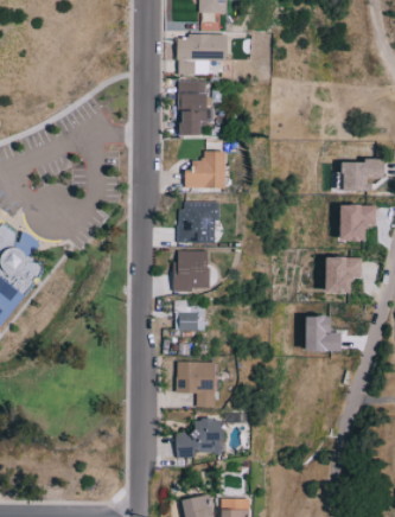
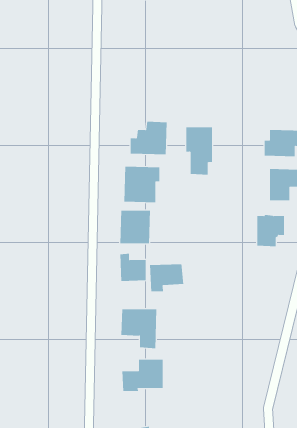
building: [177,34,229,75] -> none
building: [177,81,208,135] -> [185,127,213,175]
building: none -> [150,263,184,292]
building: [308,315,342,351] -> none

